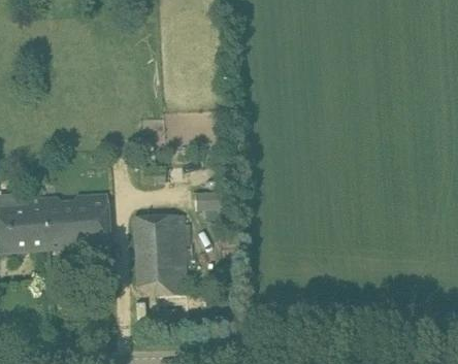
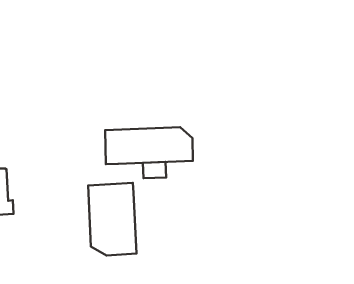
building: none -> [105,127,193,164]
building: [40,194,109,249] -> none

